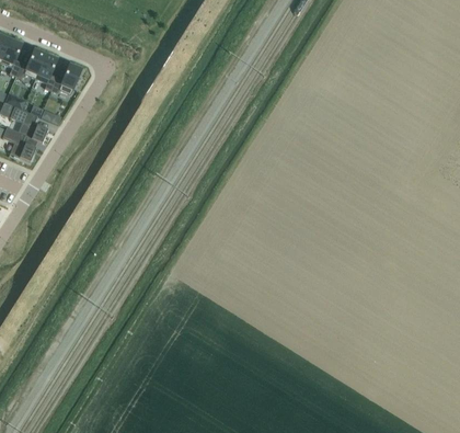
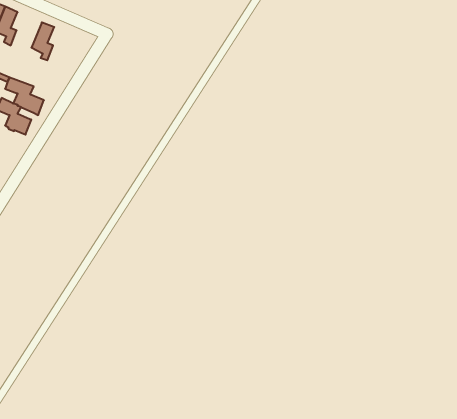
building: [16,47,46,77] -> none
building: [51,62,82,93] -> none

